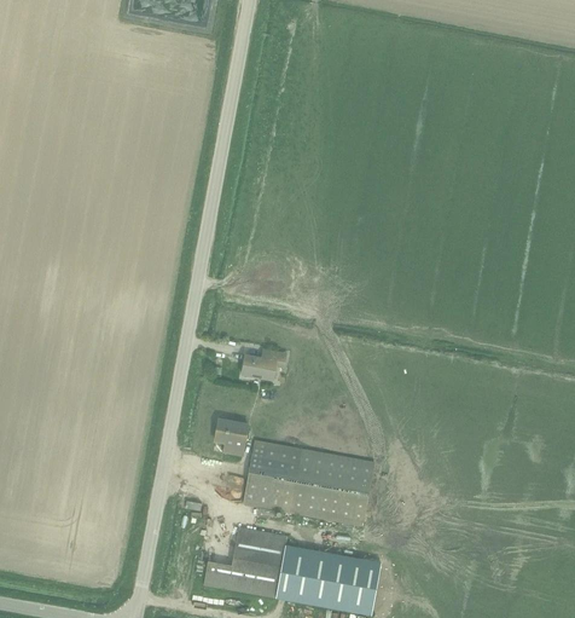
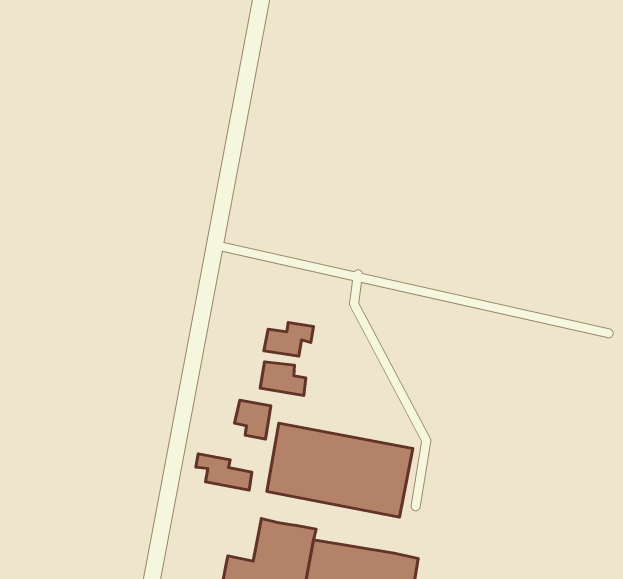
building: none -> [260,362,306,395]
building: none -> [196,454,252,490]

